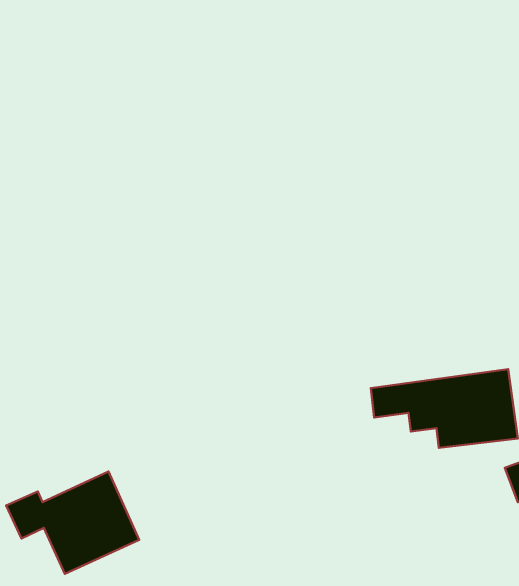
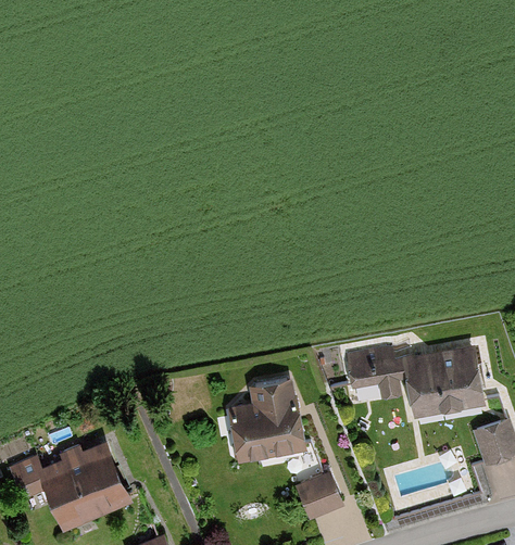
building: none -> [226,380,302,459]
building: none -> [294,468,344,520]

